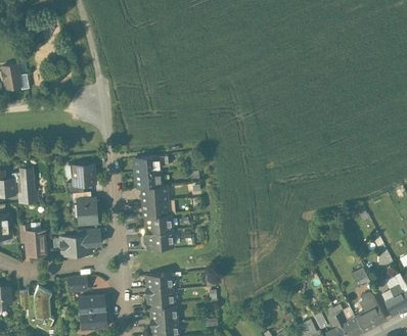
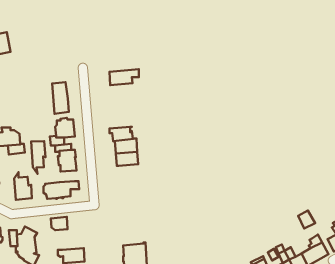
building: none -> [52,82,69,114]
building: [134,156,168,175] -> [109,69,139,85]
building: none -> [31,141,46,174]
building: [144,215,173,249] -> none
building: [145,274,174,308] -> none
building: [80,296,105,314] -> none

